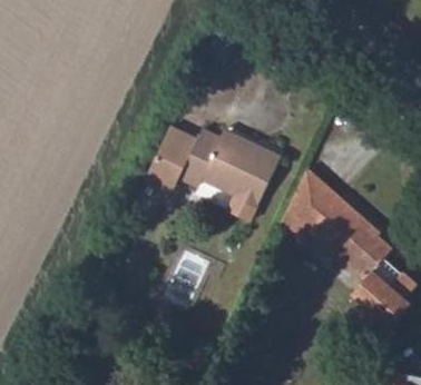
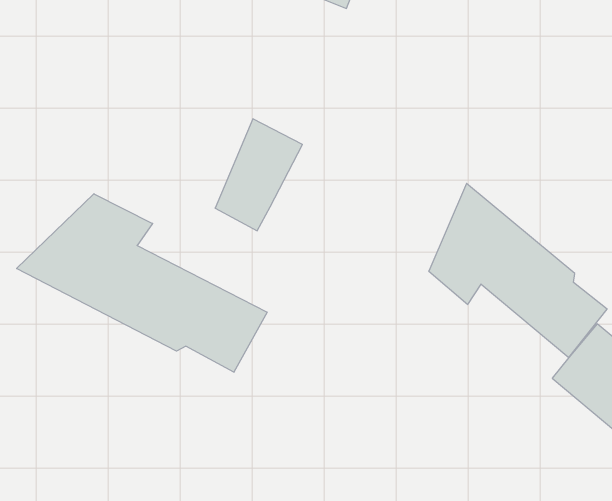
building: [182,127,284,203] -> none
building: none -> [17,194,267,372]

